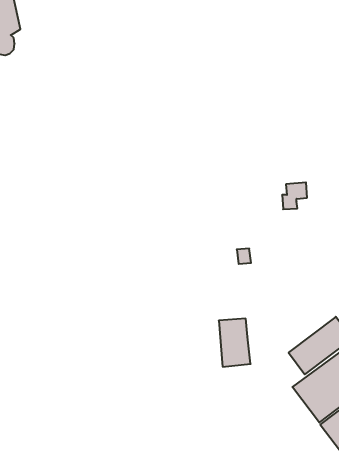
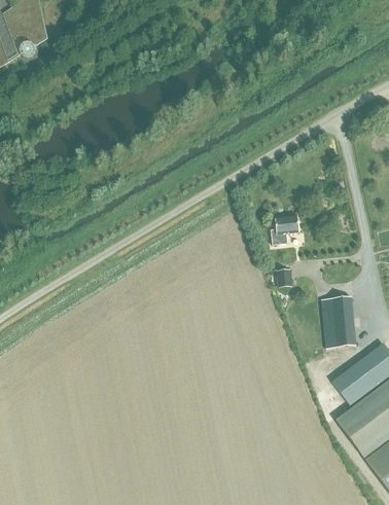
building: [282,182,307,209] -> [272,216,298,245]
building: [219,319,251,367] -> [322,297,356,349]

